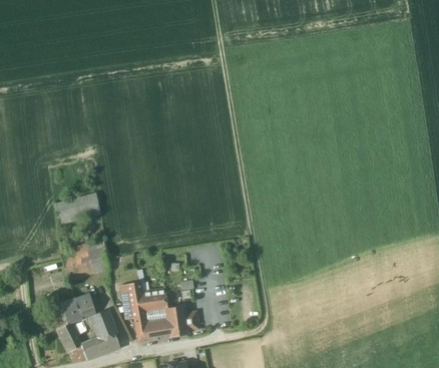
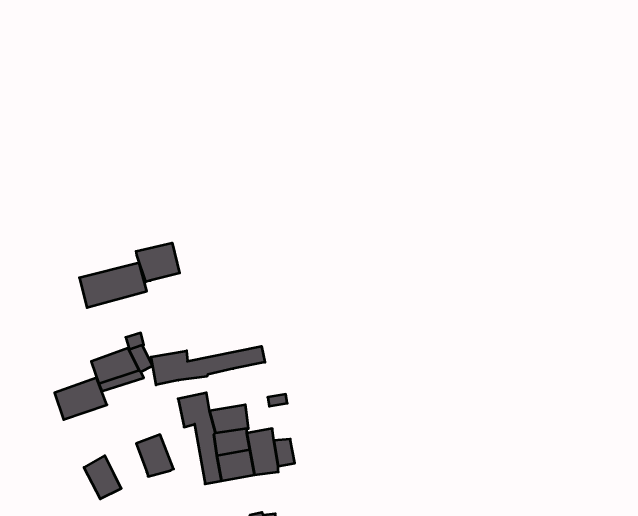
building: none -> [136,243,180,282]
building: none -> [151,346,265,385]
building: [61,293,96,321] -> [55,378,107,420]
building: [82,333,120,359] -> none

